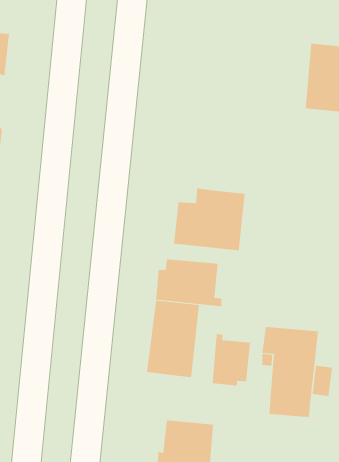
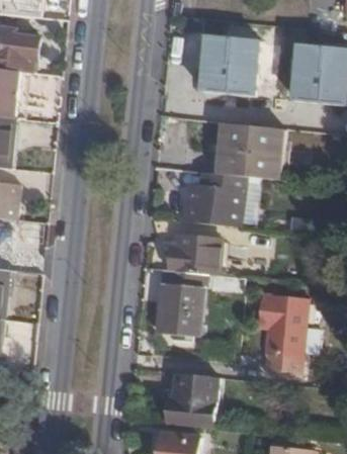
building: none -> [202,36,259,97]
building: none -> [215,128,280,180]
building: [212,333,251,387] -> none

